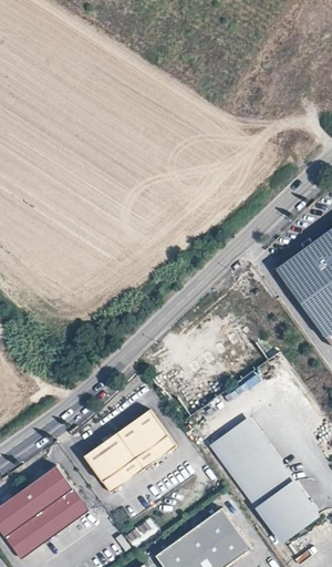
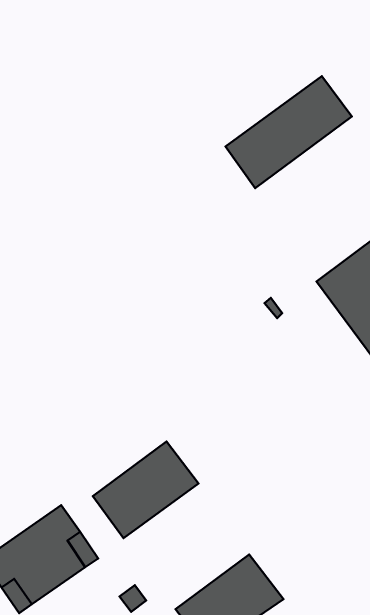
building: none -> [226,76,352,188]
building: [211,420,315,540] -> none

